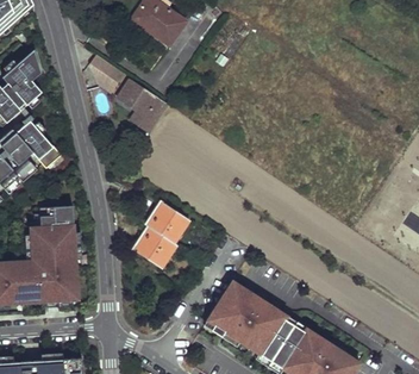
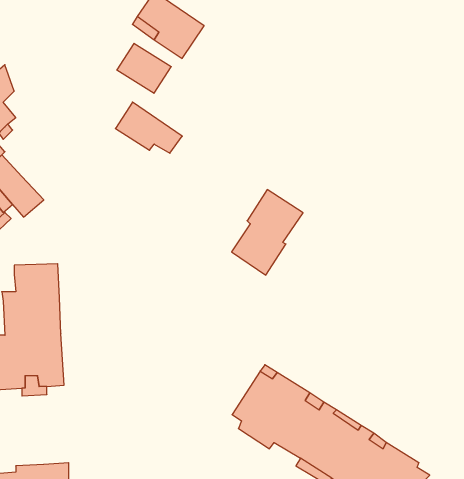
building: [82,54,124,92] -> [117,43,171,93]
building: [133,202,188,268] -> [232,190,303,275]

